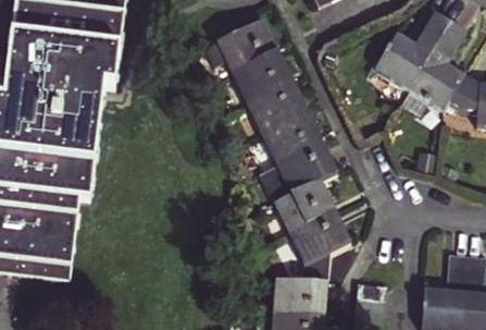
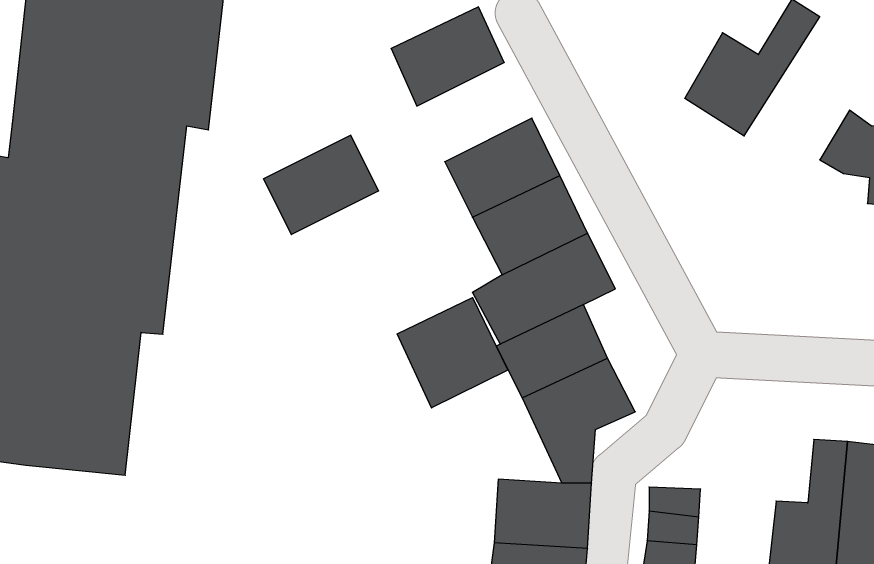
building: [409,24,466,112] -> none
building: [229,49,292,103] -> [263,135,379,235]
building: none -> [397,298,508,408]

